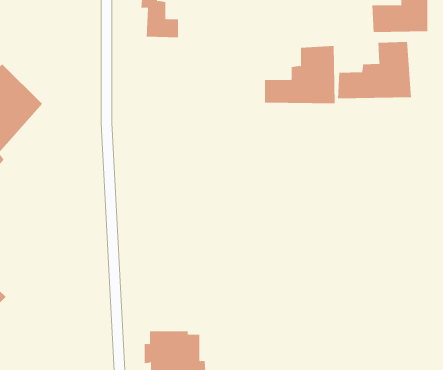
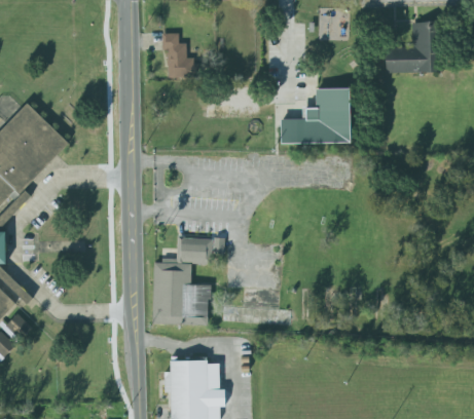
building: [337,41,412,99] -> none
building: none -> [152,237,224,325]

